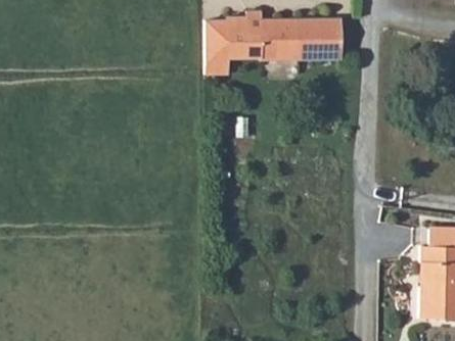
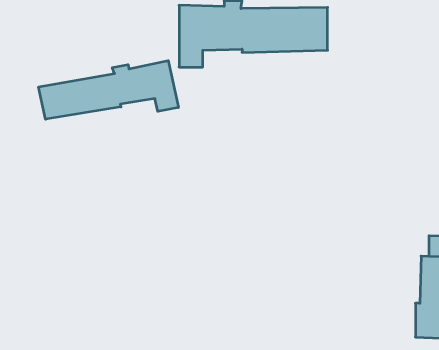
building: none -> [39,61,178,119]

